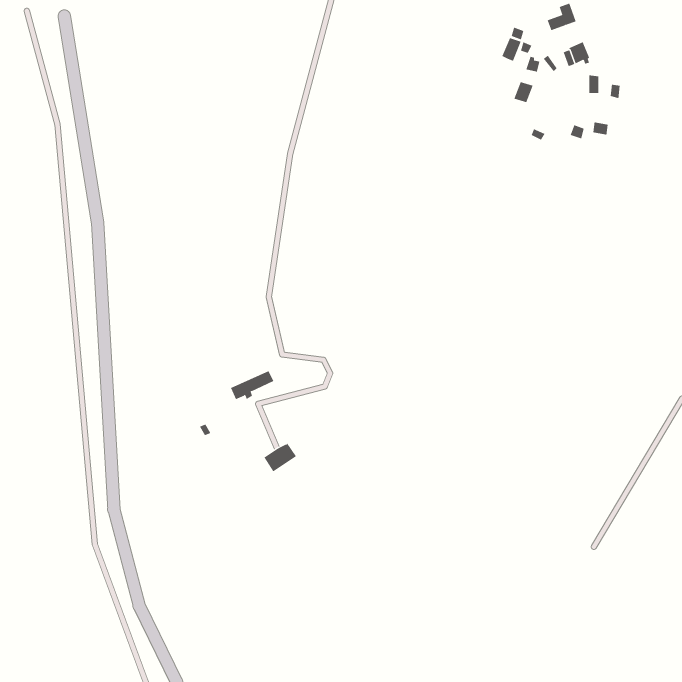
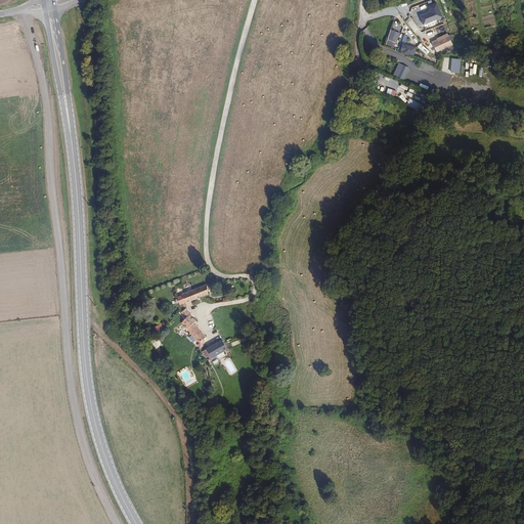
building: none -> [178,307,205,348]

